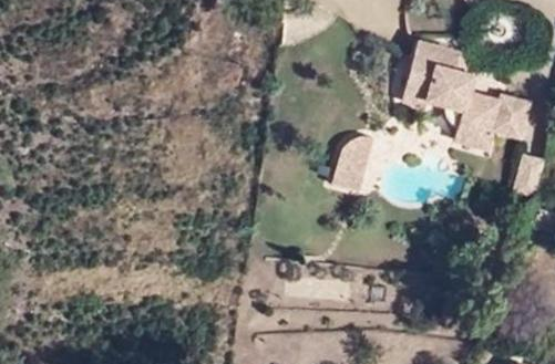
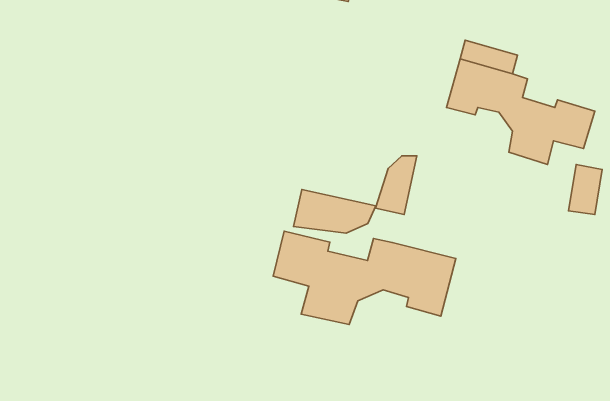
building: none -> [294,189,376,233]
building: none -> [273,231,456,325]

